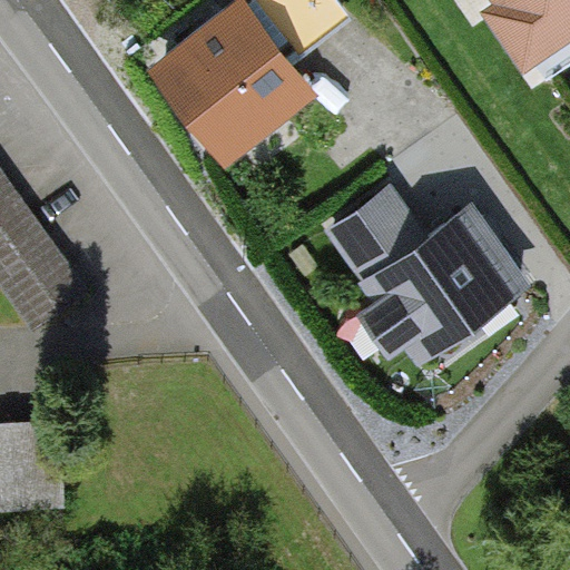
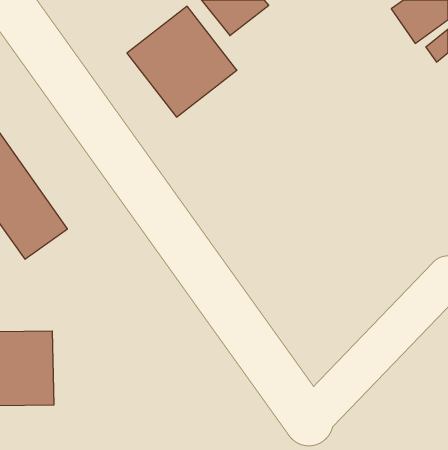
building: [326,191,512,353] -> none

